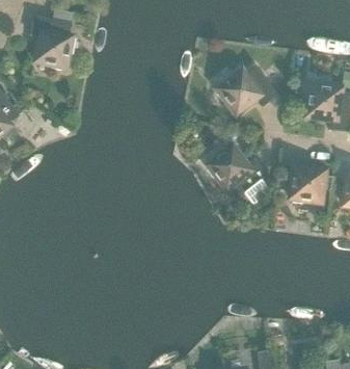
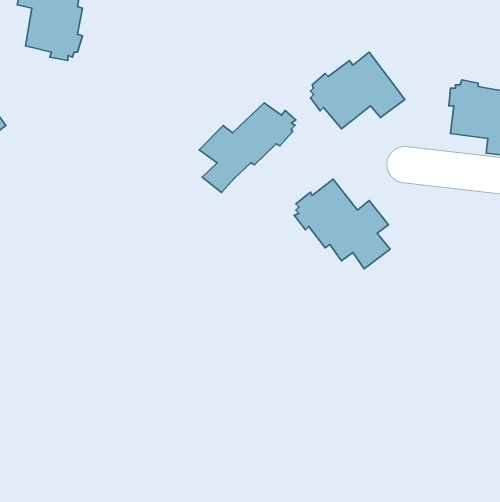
building: none -> [199,103,296,193]
building: [287,166,331,203] -> none

